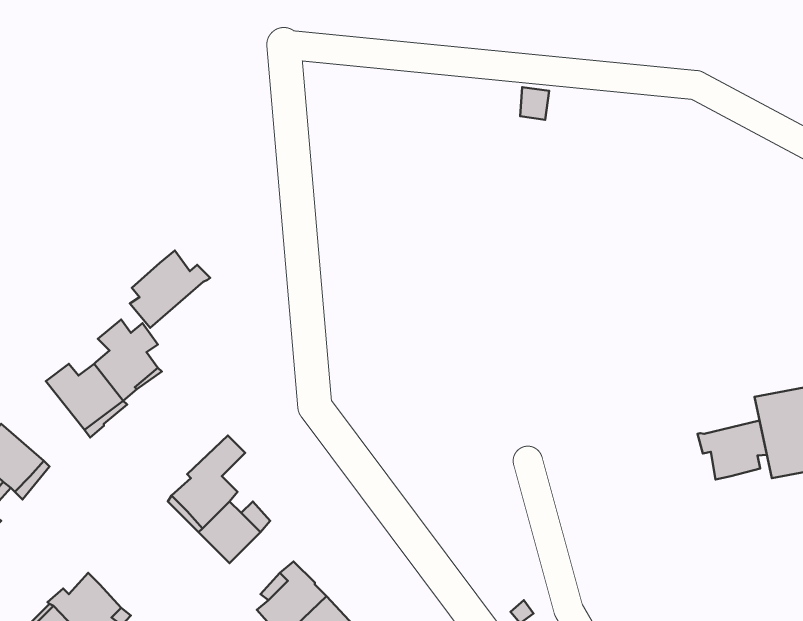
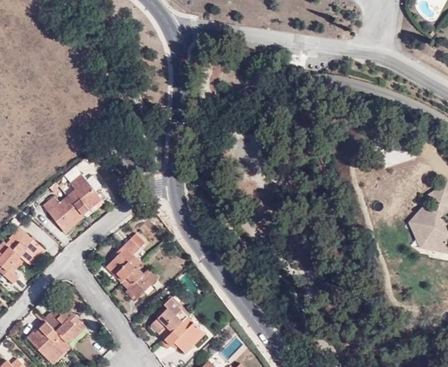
building: [130,250,210,328] -> none
building: [697,421,767,480] -> none

